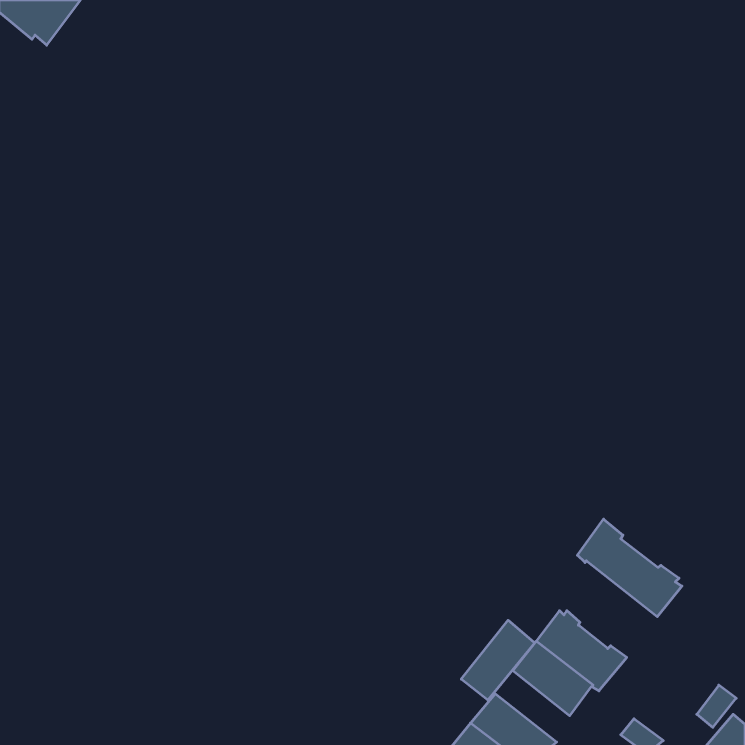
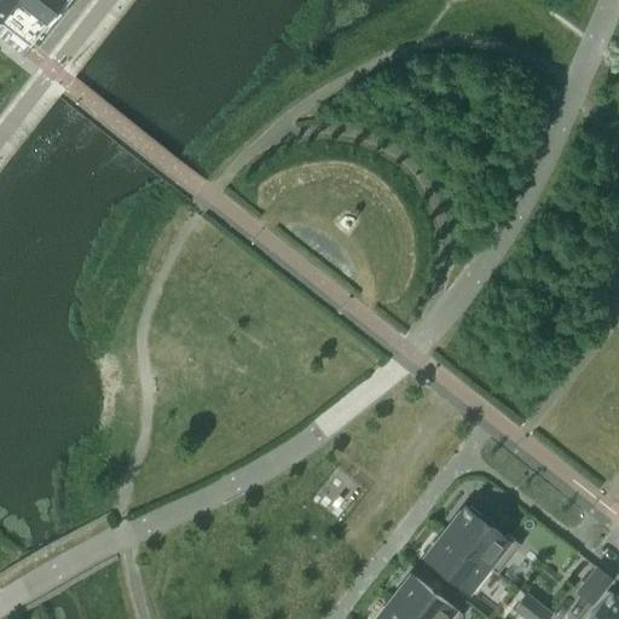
building: [577,519,682,617] -> none
building: [461,620,535,700] -> none

